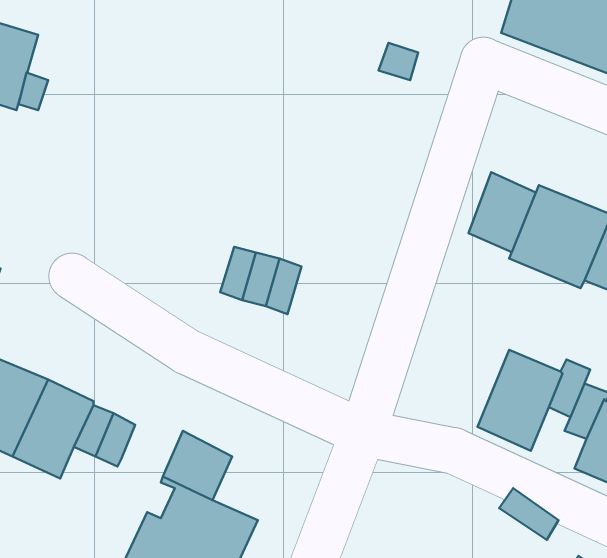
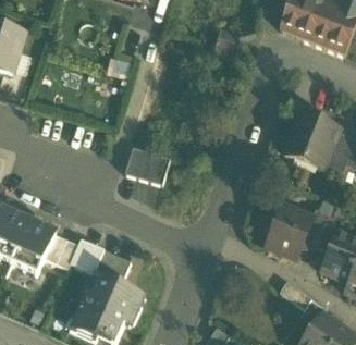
building: [468,172,536,252] -> none
building: none -> [70,238,103,273]

